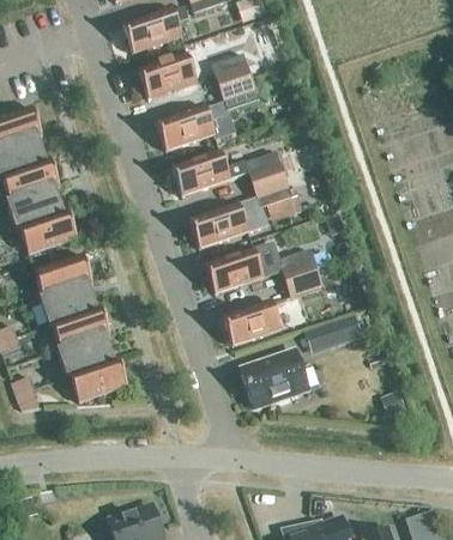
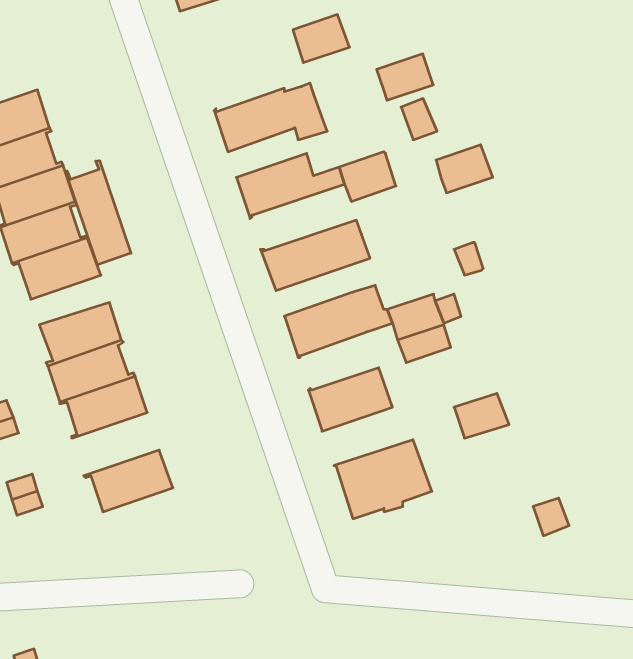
building: [139,54,198,98] -> none
building: [219,77,259,109] -> [377,54,433,100]
building: none -> [66,161,131,265]
building: [253,174,292,207] -> [436,145,493,193]
building: [58,332,119,376] -> none

